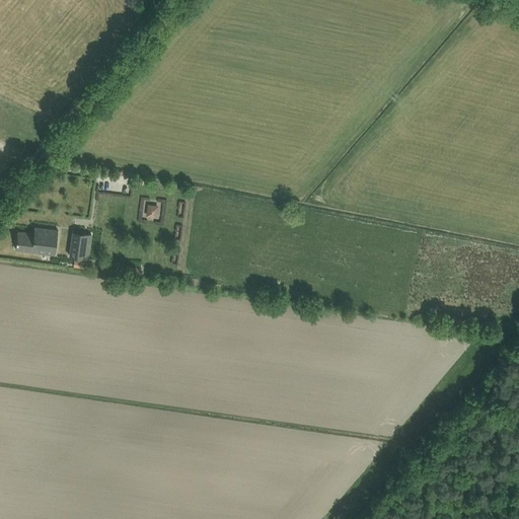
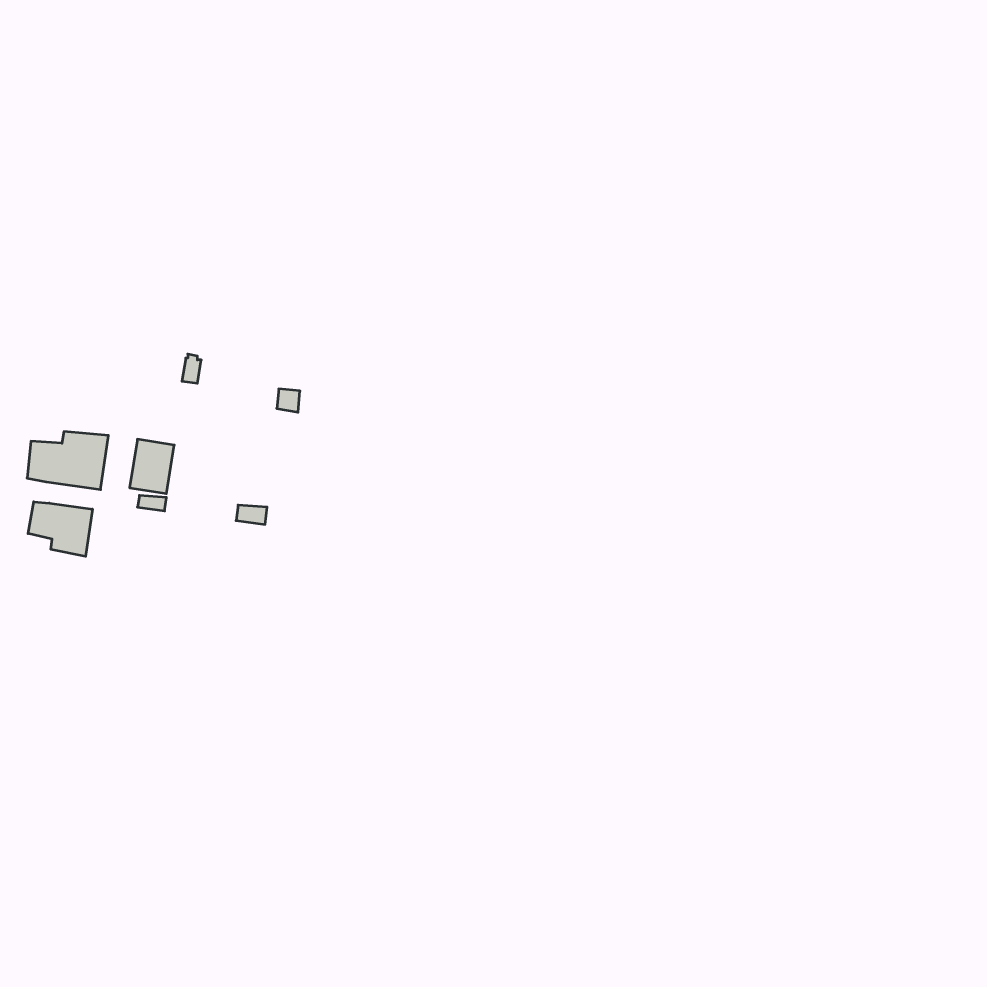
building: none -> [28,502,92,556]

